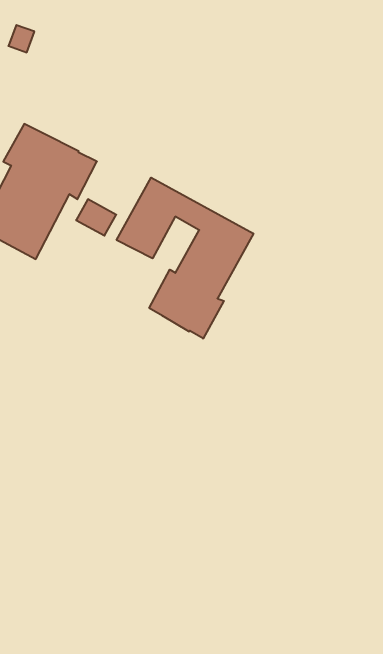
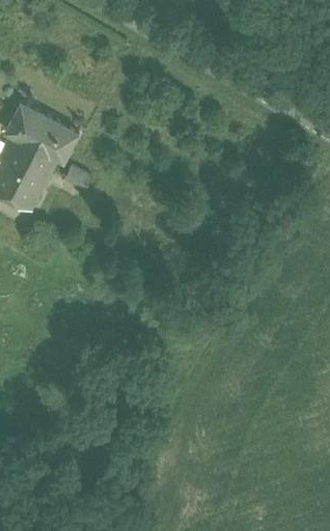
building: [117,178,253,339] -> none

